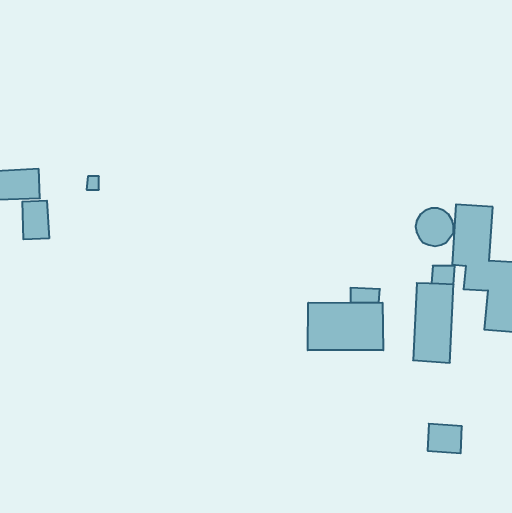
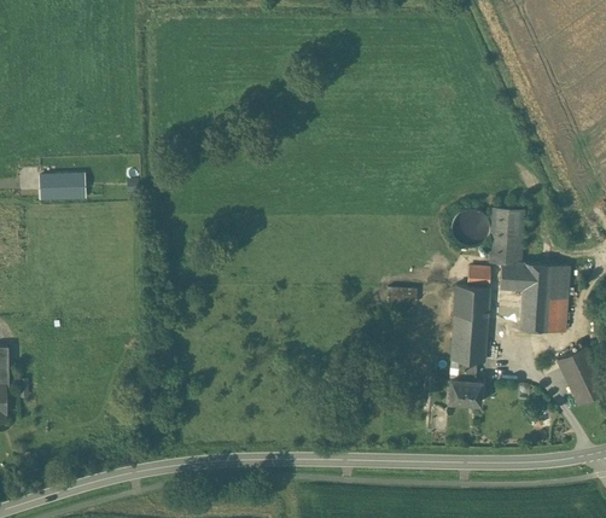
building: [22,201,49,239] -> none
building: [308,303,383,350] -> none
building: [428,424,462,453] -> [449,378,483,407]

